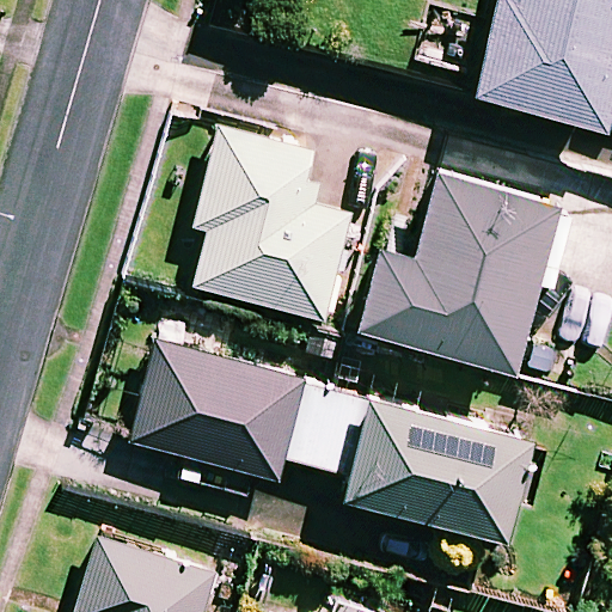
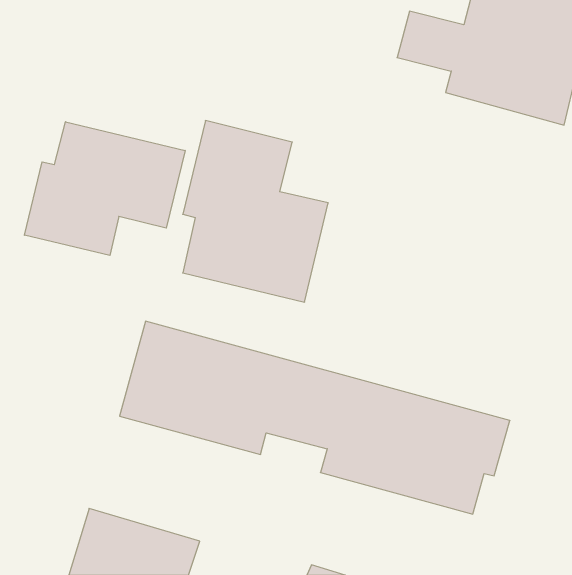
building: none -> [24,122,185,255]
building: [357,173,570,374] -> none

